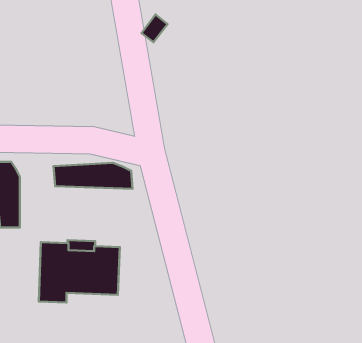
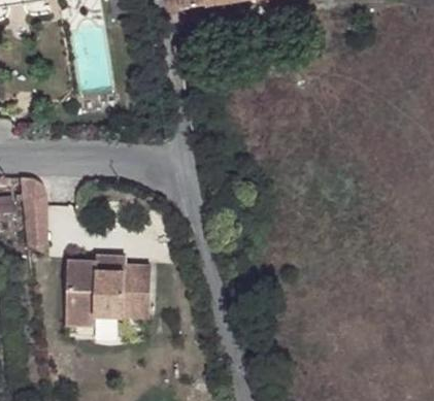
building: [53,163,133,189] -> none

